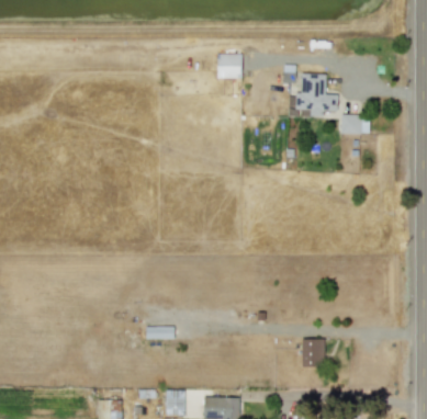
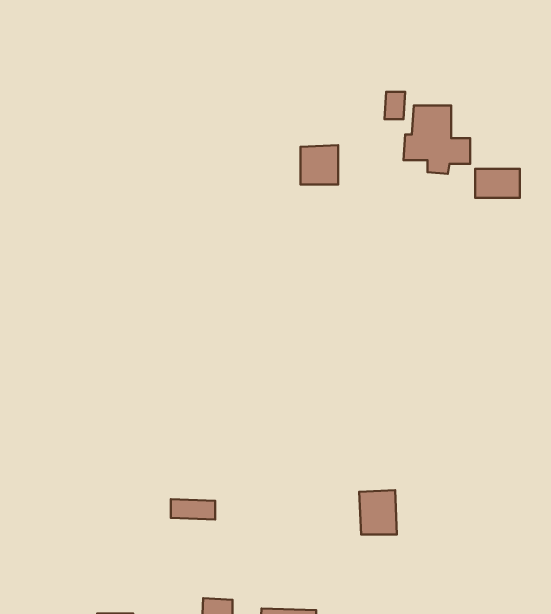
building: [216,53,240,78] -> [300,145,338,184]
building: [300,338,324,366] -> [359,490,397,535]

